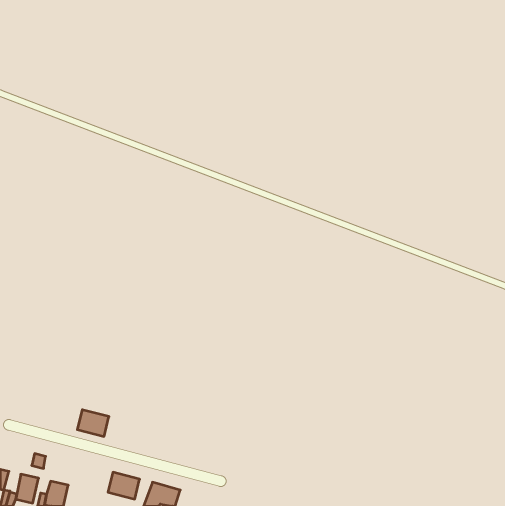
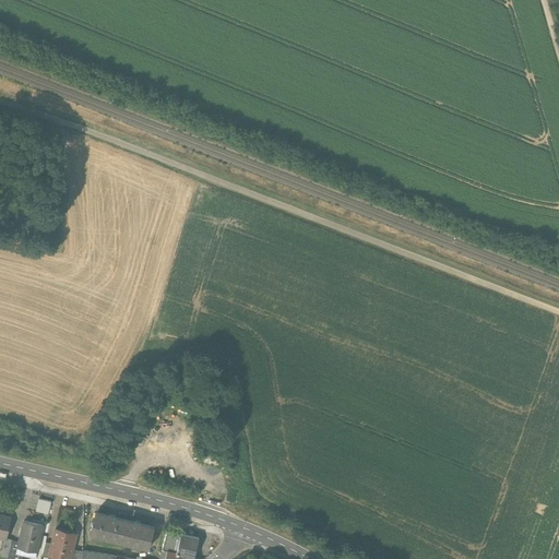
building: [77,410,109,436] -> [91,513,126,543]

